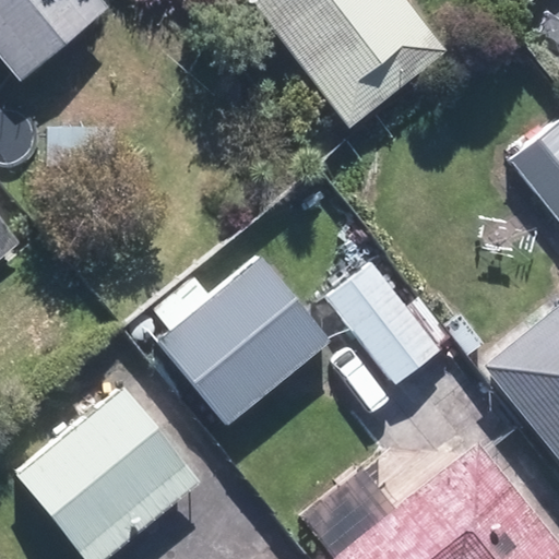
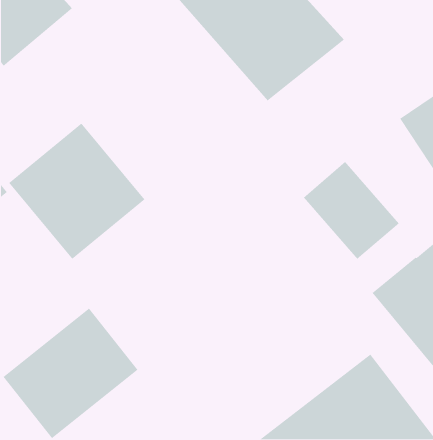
building: none -> [8,122,145,260]
building: [332,258,454,382] -> [303,161,400,260]
building: [159,259,330,425] -> none

